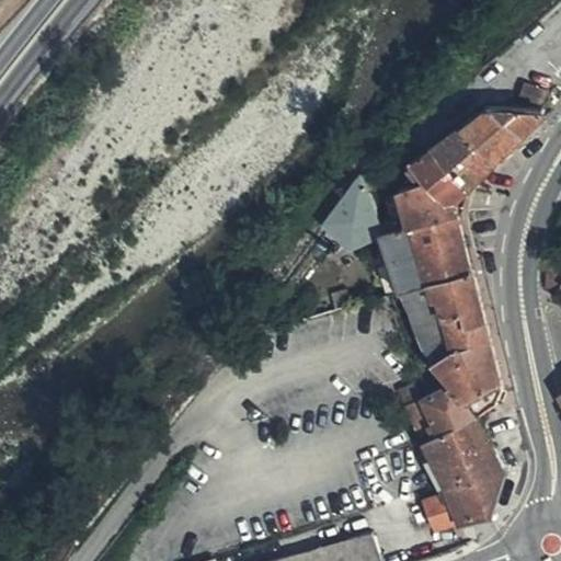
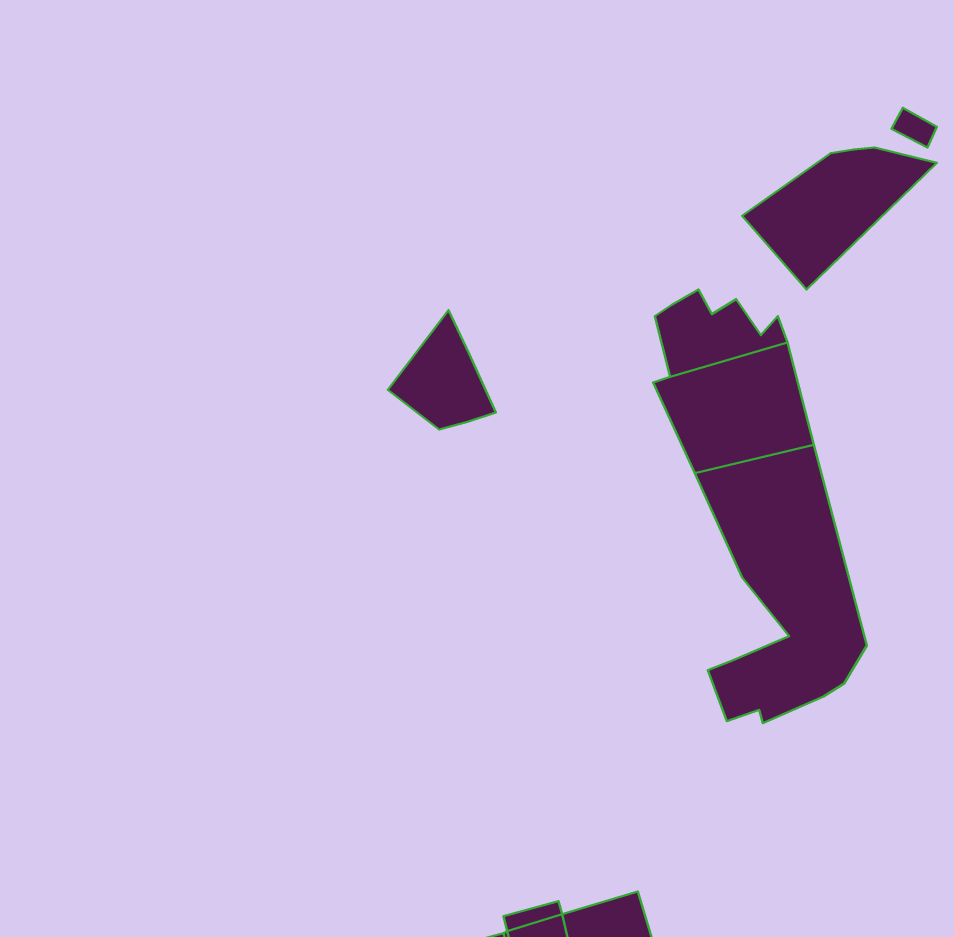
building: [404,142,467,211] -> none
building: [316,180,378,249] -> [388,310,496,429]
building: [424,421,503,531] -> none

